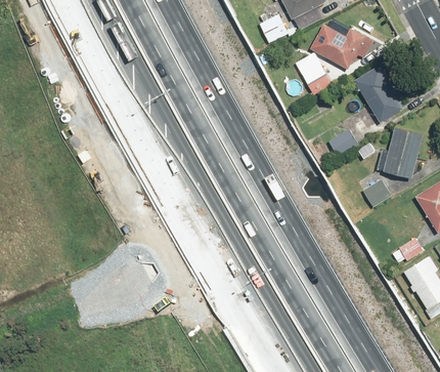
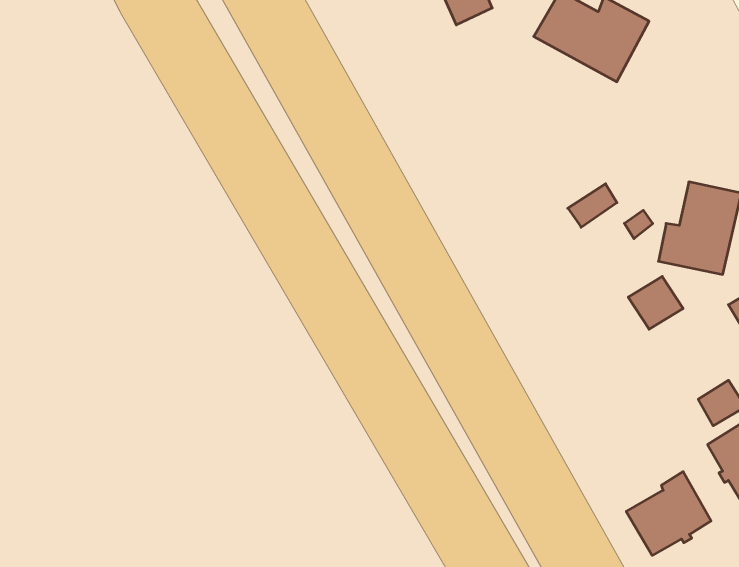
building: [295,53,331,95] -> none
building: [355,66,403,122] -> none
building: none -> [626,472,711,555]

